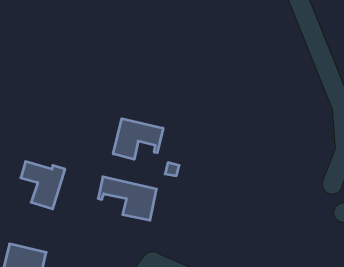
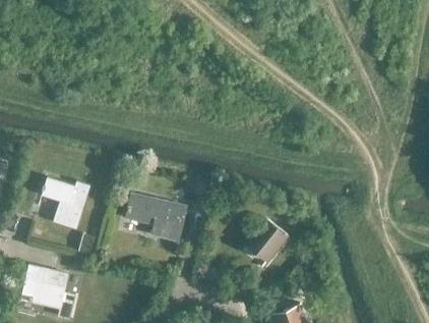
building: [113,119,163,159] -> none
building: none -> [244,217,288,261]

